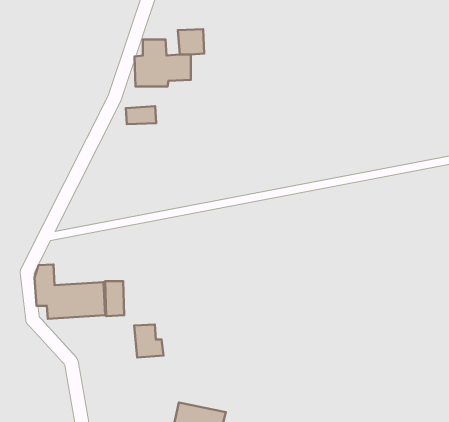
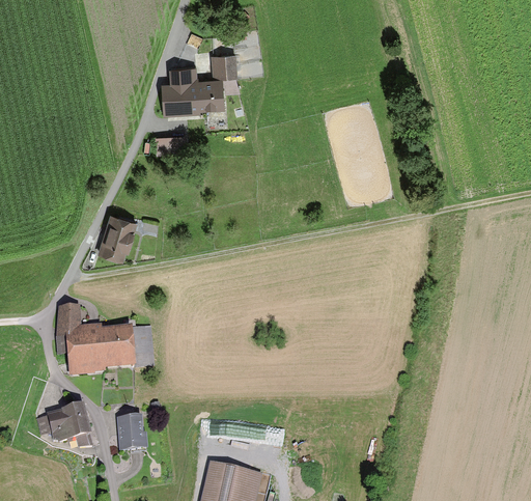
building: none -> [101,210,136,255]
building: [134,324,163,357] -> [113,417,145,453]
building: none -> [31,403,89,454]

